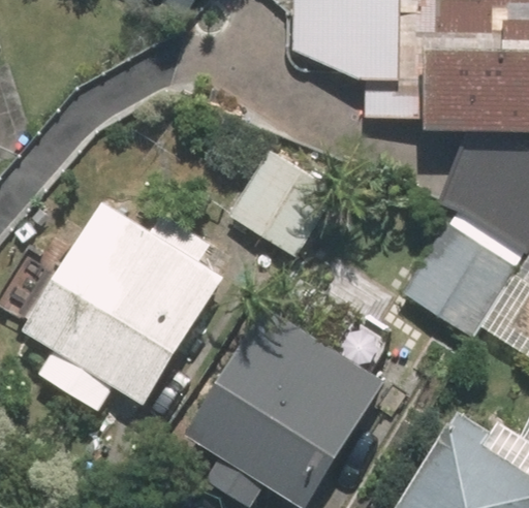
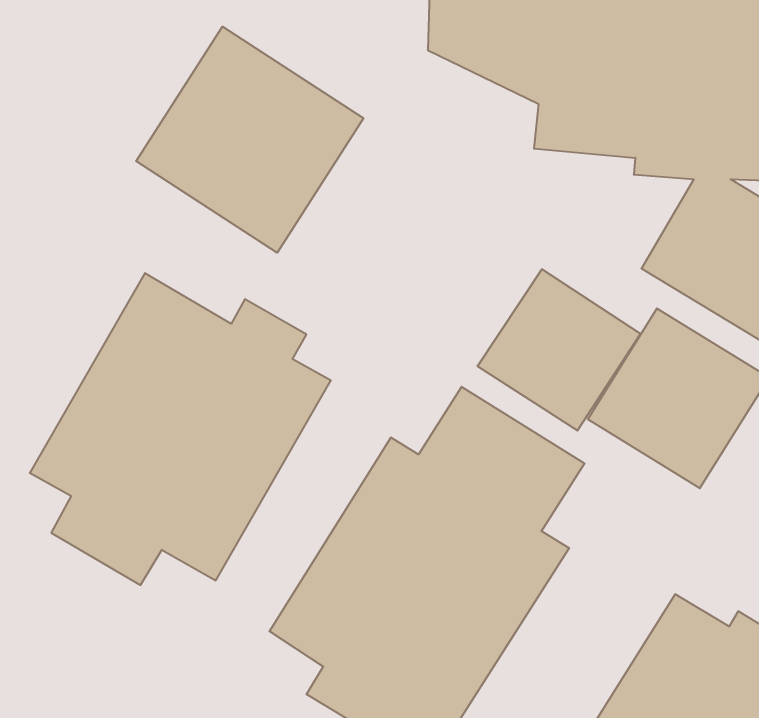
building: none -> [136,27,363,253]
building: [227,150,337,258] -> [477,269,640,431]

